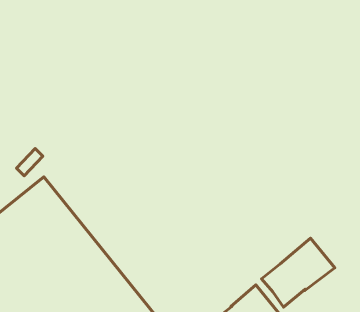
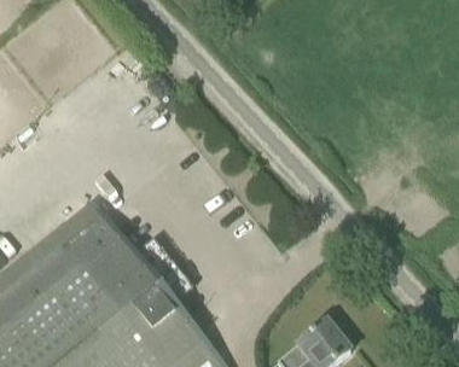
building: [261,238,335,307] -> none

